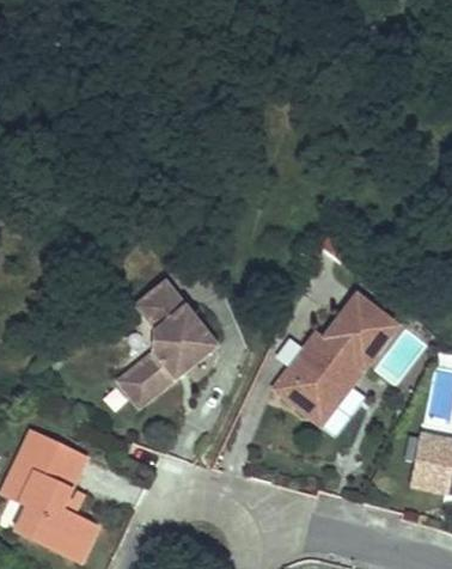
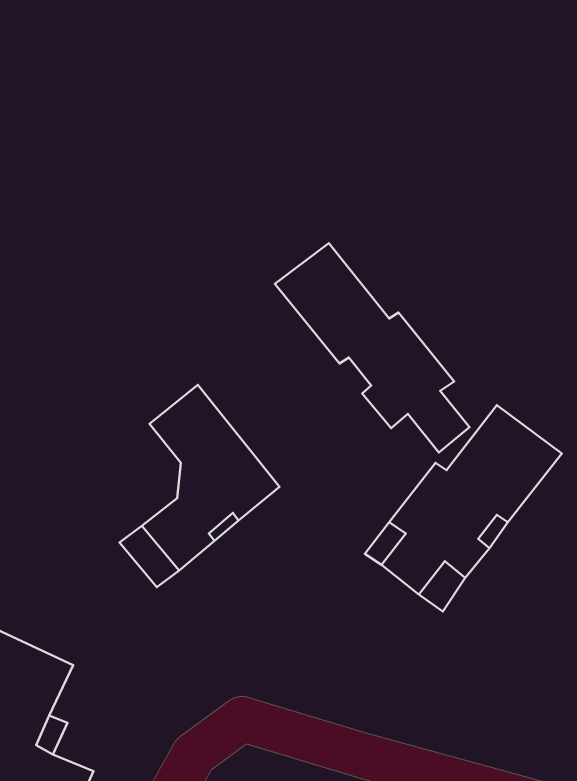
building: none -> [275,243,469,453]

